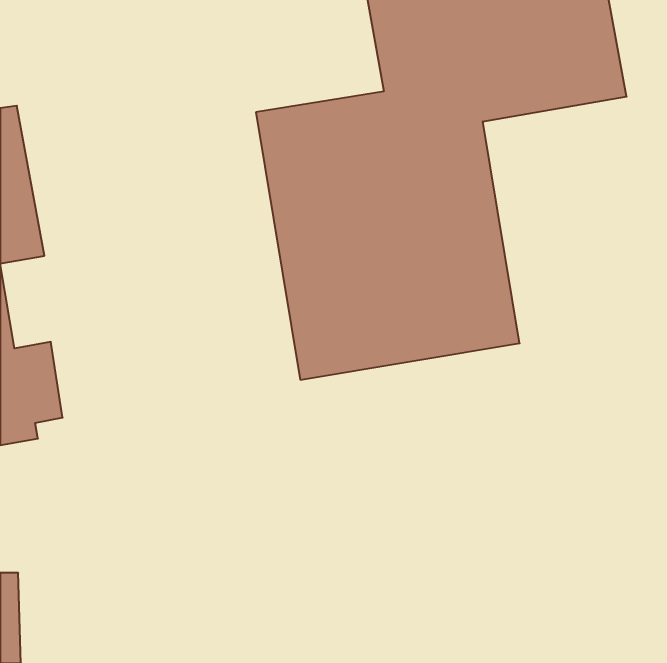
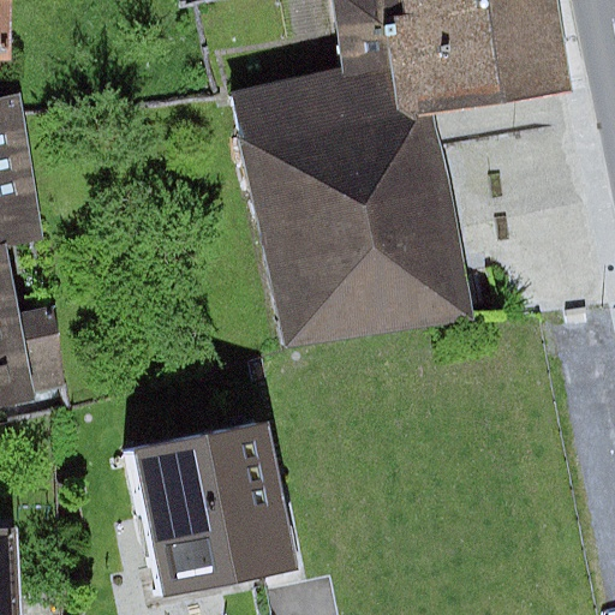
building: none -> [125,417,289,599]

